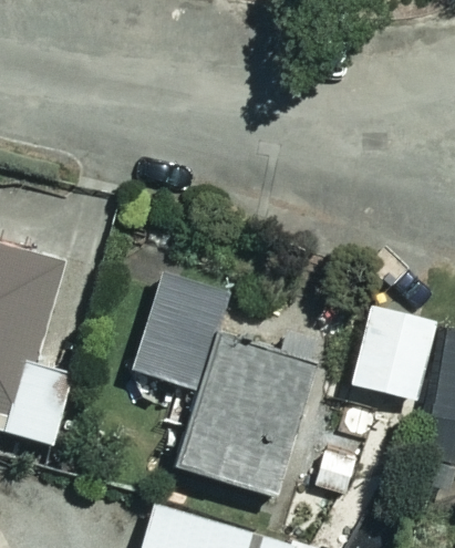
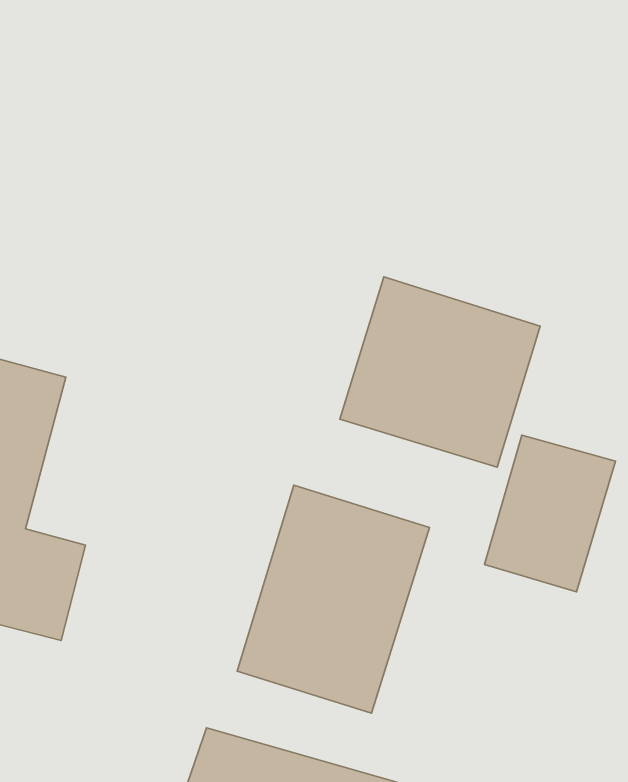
building: none -> [340,277,540,467]
building: [135,271,232,389] -> none

